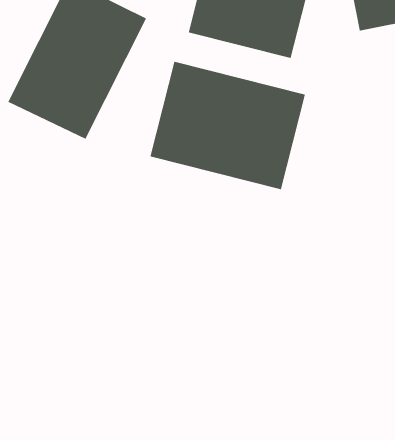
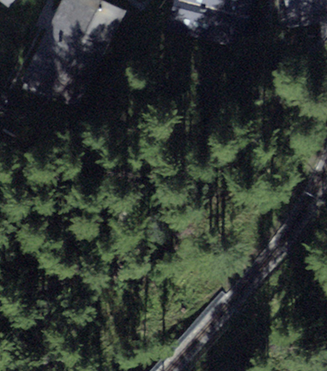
building: [150,61,306,190] -> none

